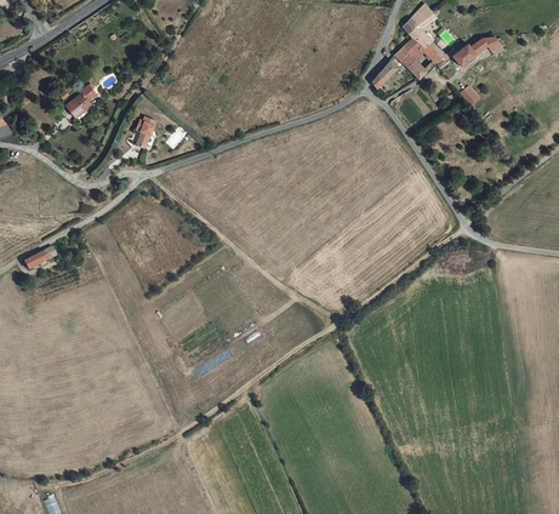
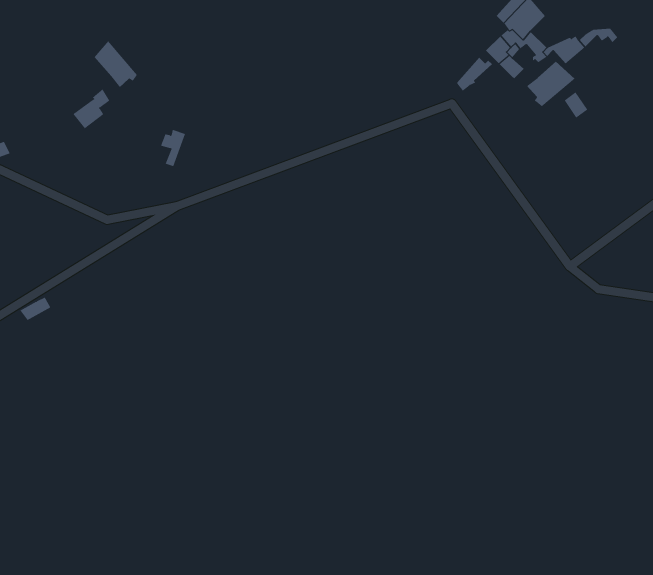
building: none -> [94,40,138,88]
building: none -> [526,61,576,107]

